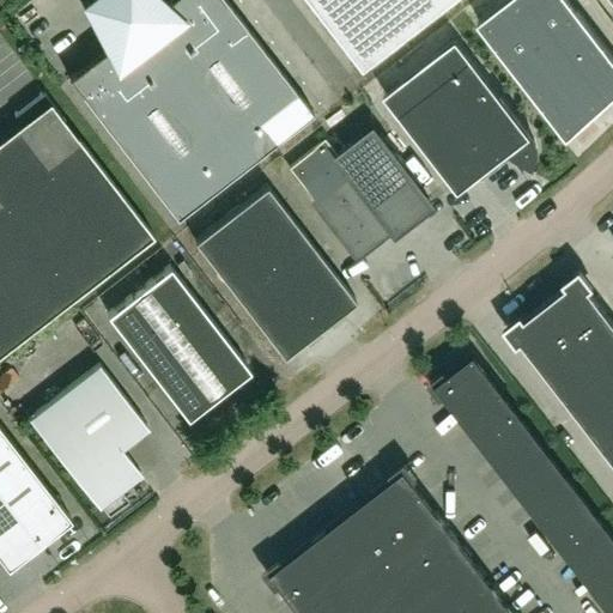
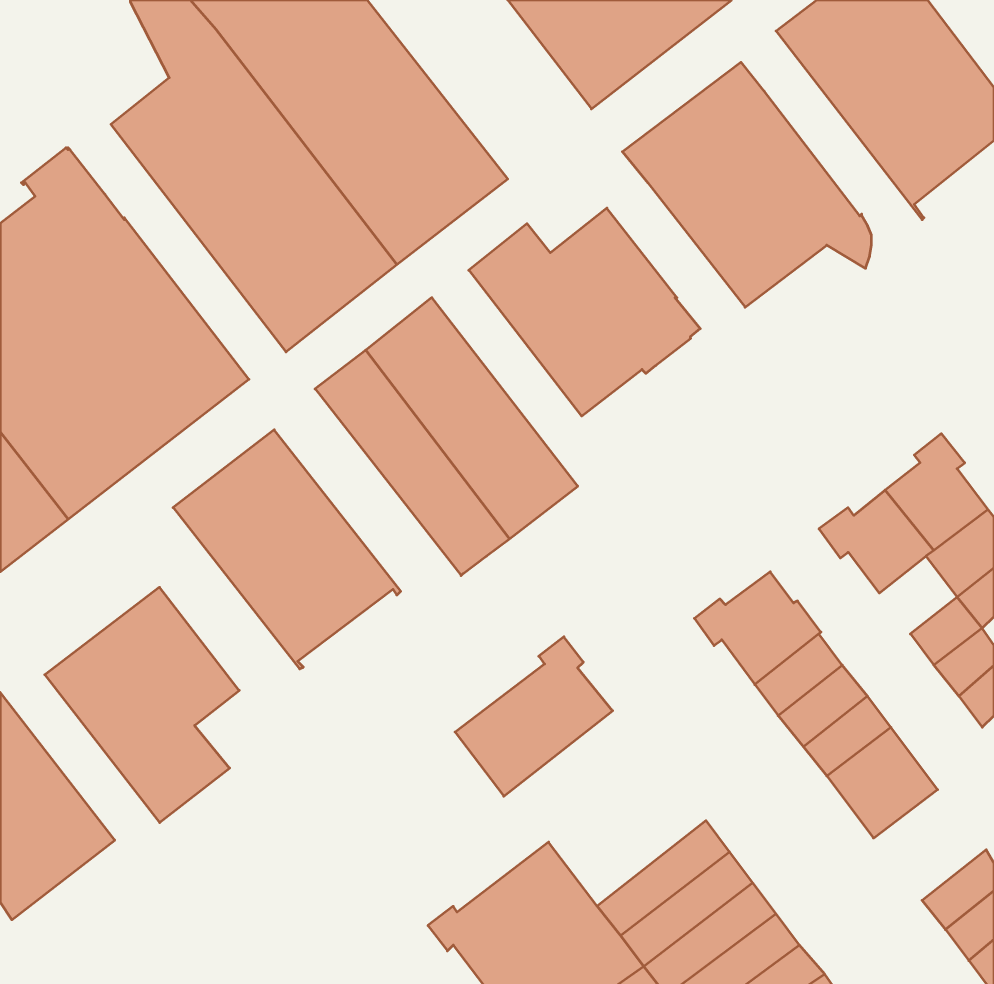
building: [541,348,589,396] -> none
building: [338,466,435,564] -> [455,637,613,796]
building: [538,492,607,560] -> none

